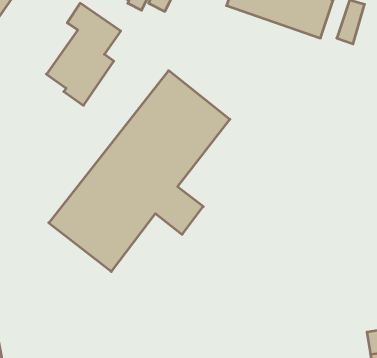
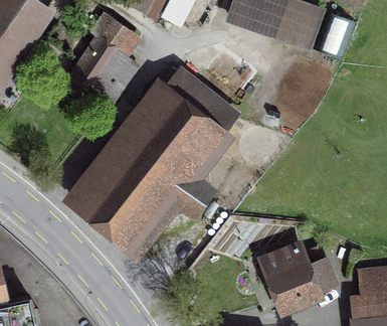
building: none -> [263,248,333,306]

